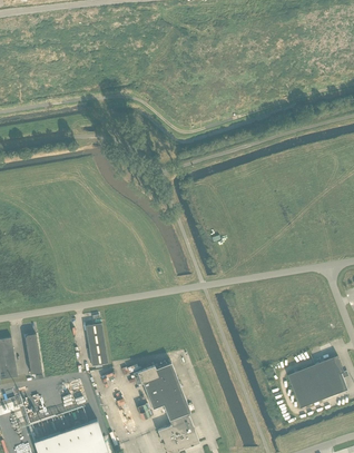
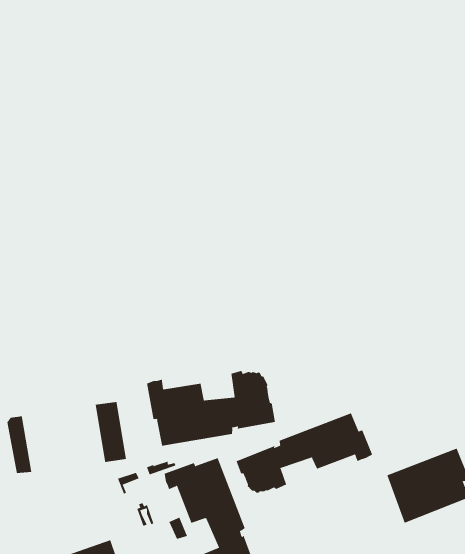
building: none -> [147,370,275,446]
building: none -> [236,412,373,493]

